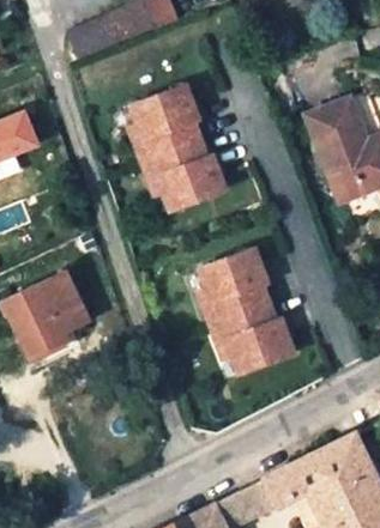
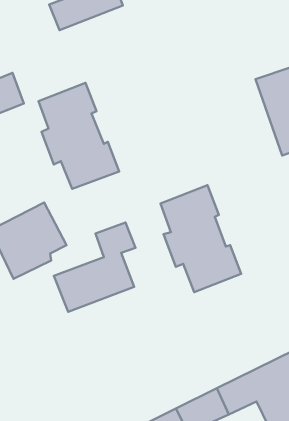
building: [129,84,224,208] -> [38,83,119,189]
building: none -> [54,222,136,312]

